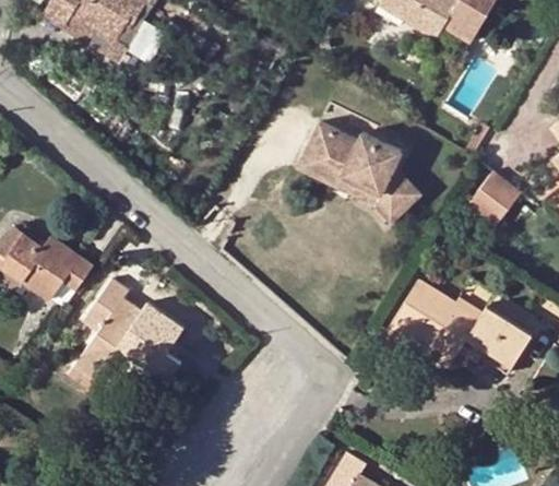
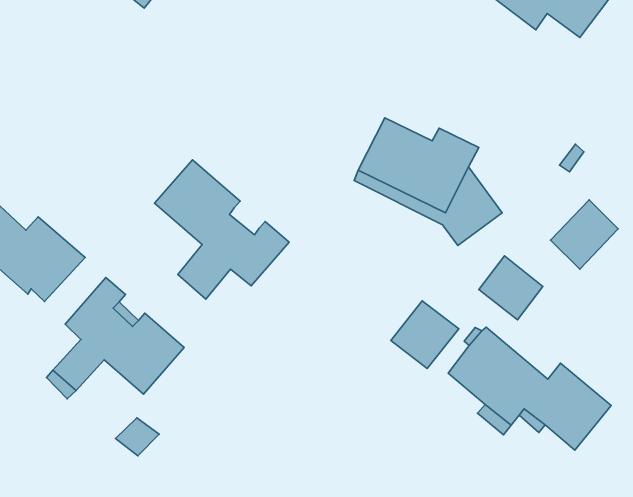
building: none -> [155,160,289,299]
building: none -> [479,256,543,320]
building: none -> [391,301,459,368]

